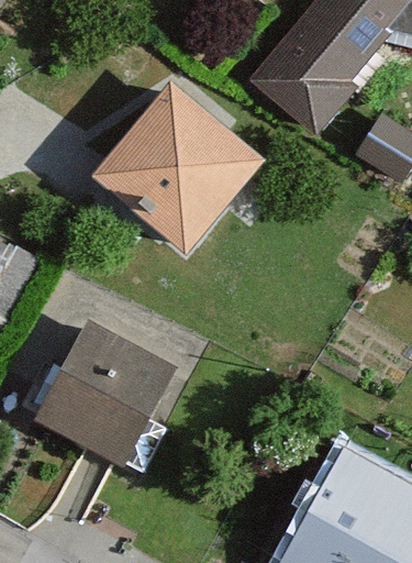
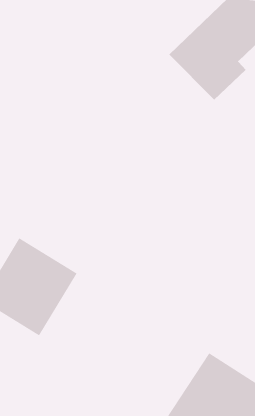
building: [99,92,256,249] -> none

